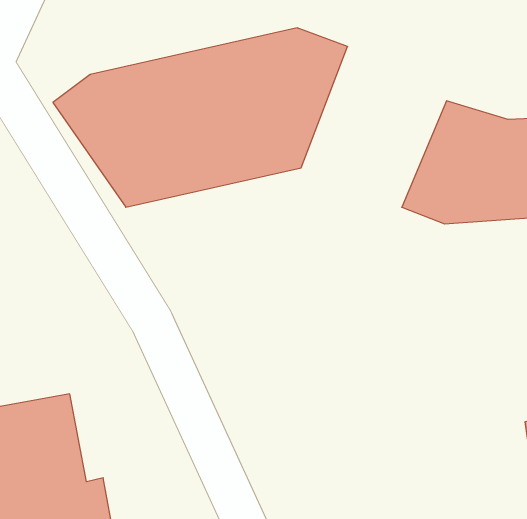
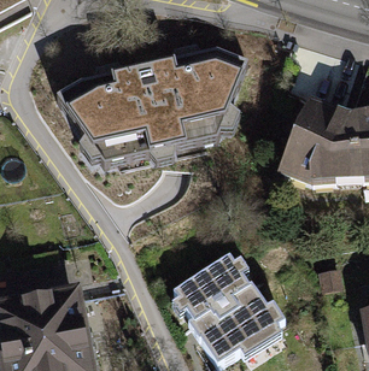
building: none -> [170,251,274,359]

